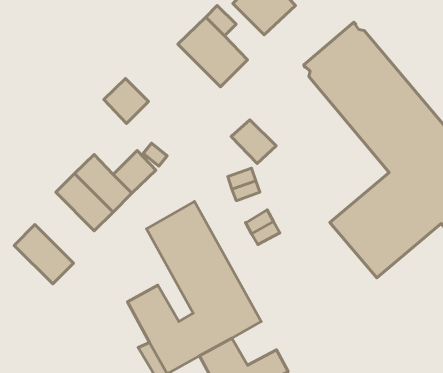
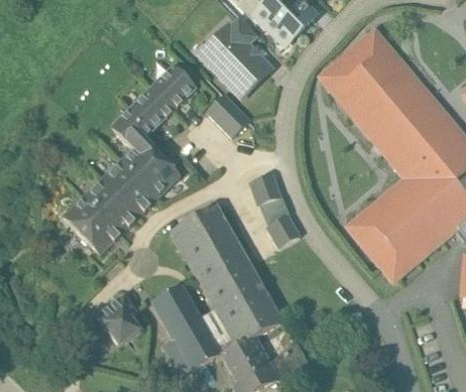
building: none -> [151,64,196,109]
building: none -> [111,107,162,179]
building: [231,120,276,164] -> [207,94,250,136]
building: none -> [259,197,289,226]
building: [14,225,74,284] -> [64,197,121,254]
building: none -> [97,296,141,348]

